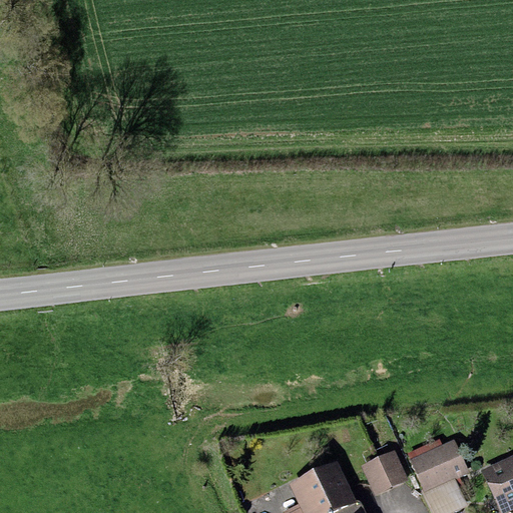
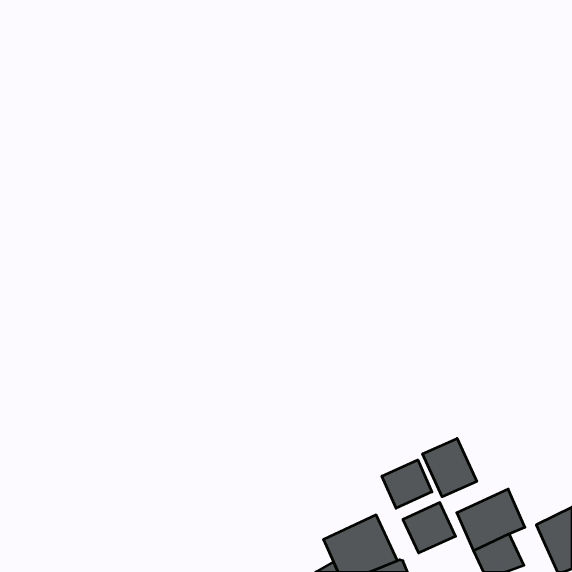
building: none -> [423,438,477,497]
building: none -> [382,460,432,508]

